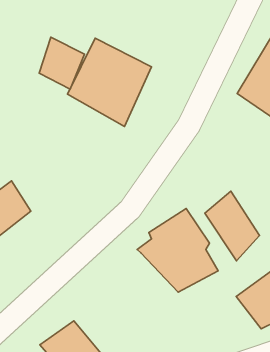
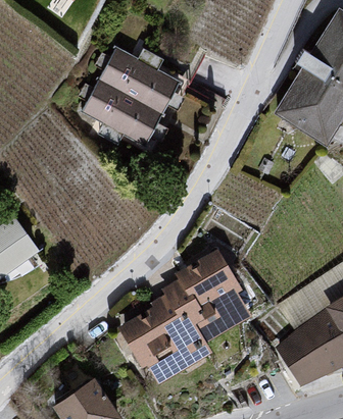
building: [39,37,85,89] -> none
building: [205,191,260,261] -> none
building: none -> [118,296,216,383]

